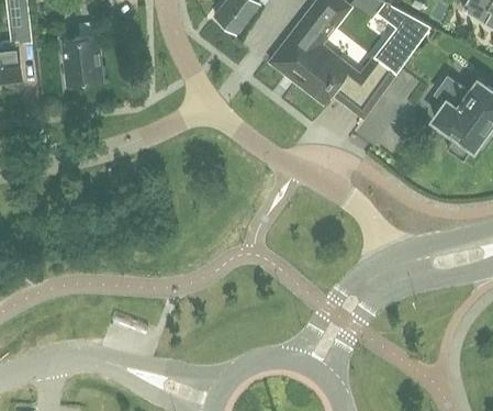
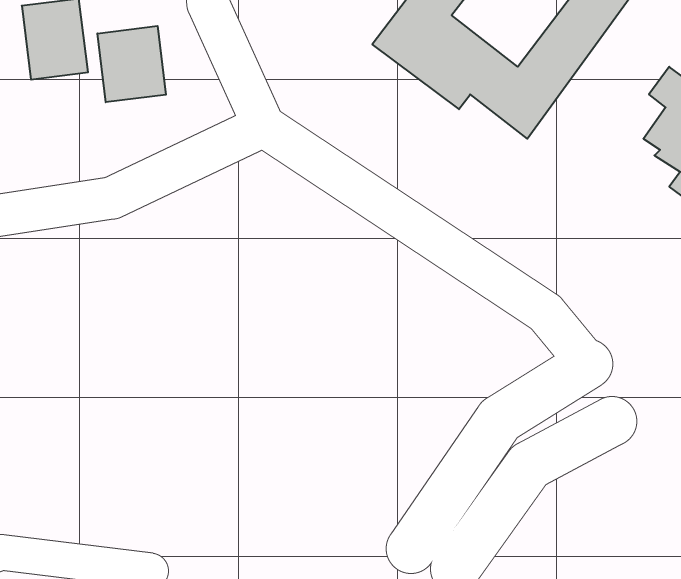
building: none -> [97,26,166,102]

